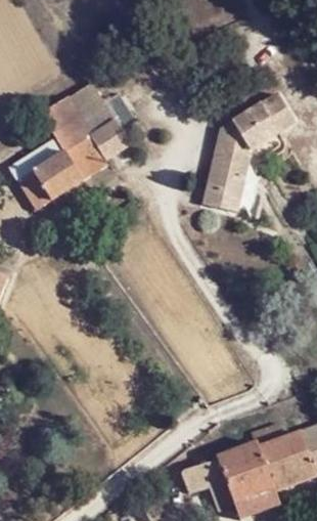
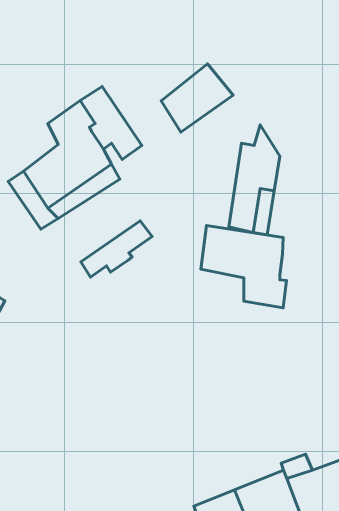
building: [234,93,298,154] -> [161,64,233,132]
building: none -> [81,221,152,277]
building: none -> [201,226,286,308]

